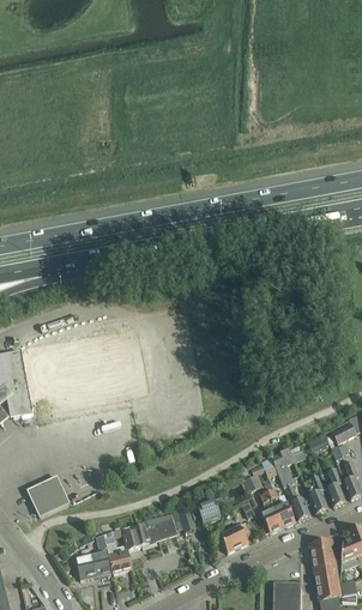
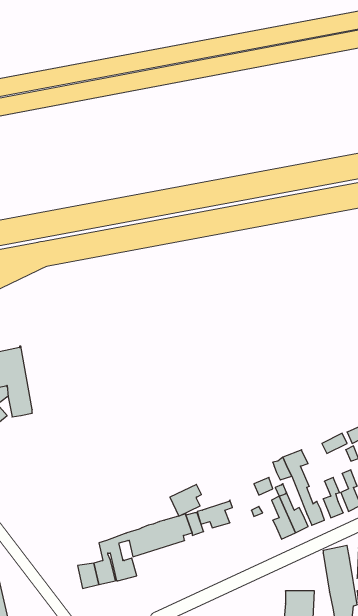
building: [26,476,68,517] -> none
building: [218,523,248,552] -> [170,484,201,516]

